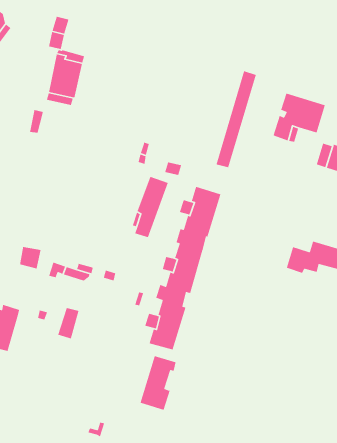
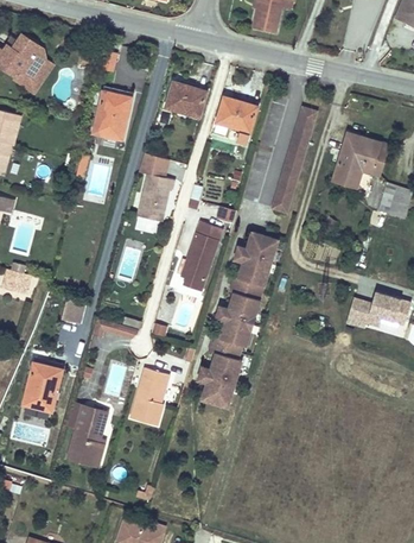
building: none -> [165,82,205,116]
building: none -> [217,96,257,143]
building: none -> [138,149,174,220]
building: none -> [68,404,108,466]
building: [140,355,176,411] -> [130,366,170,425]

